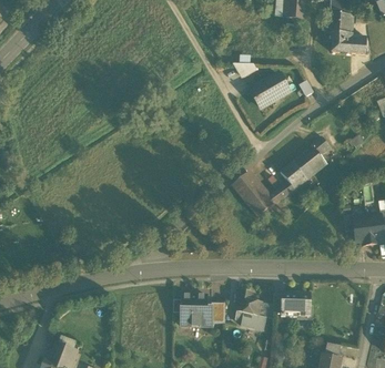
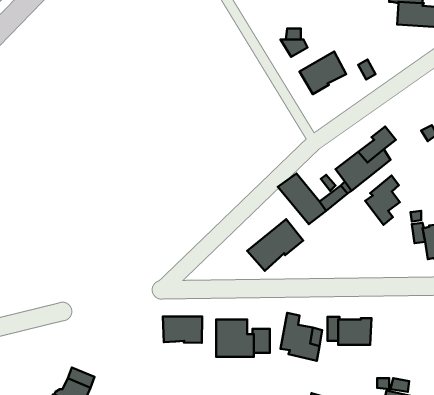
building: none -> [365,176,400,225]
building: none -> [247,219,303,271]
building: none -> [163,316,202,343]

